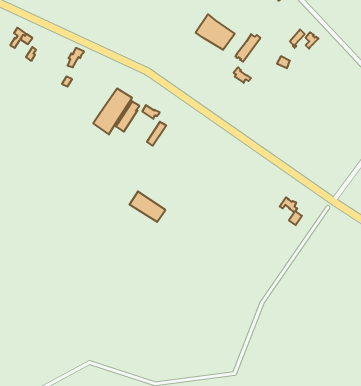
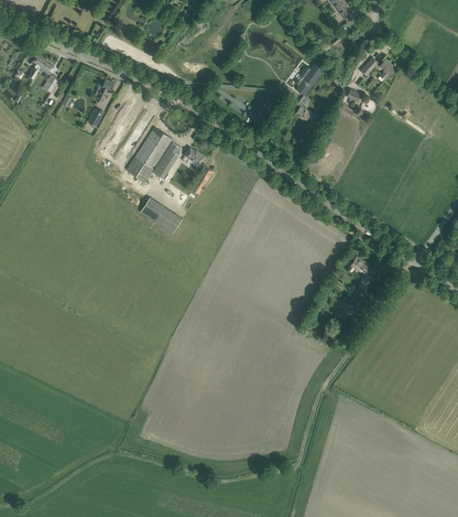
building: [196,14,235,50] -> none
building: [129,191,165,222] -> [140,196,183,233]

